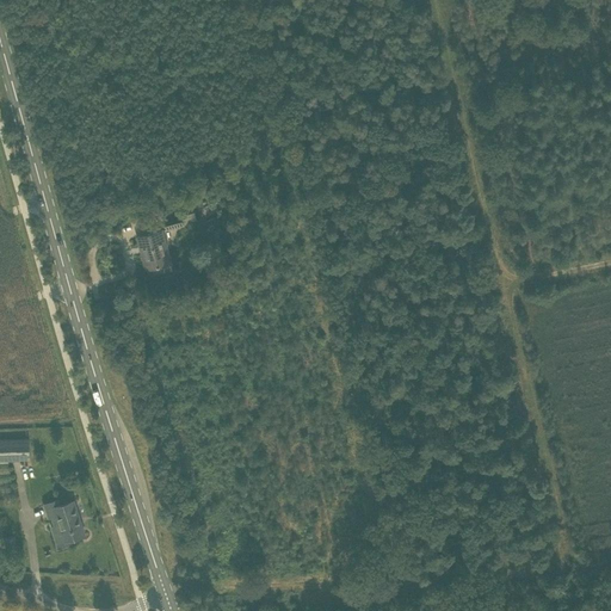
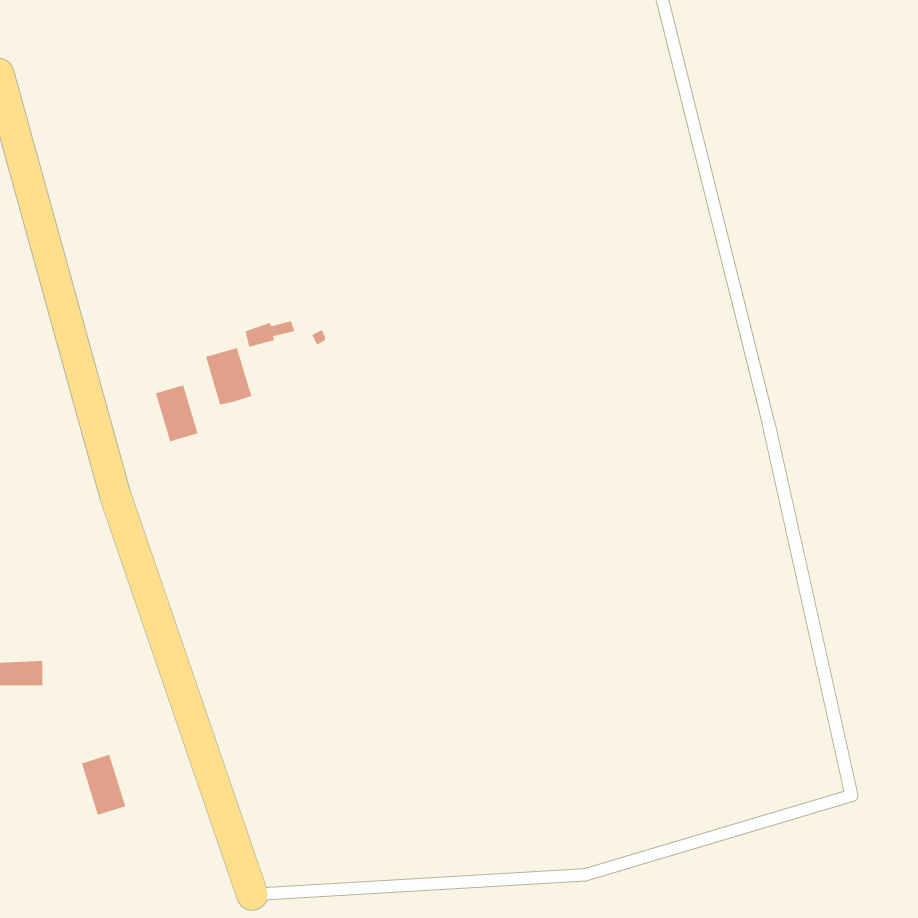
building: none -> [155,384,198,442]

